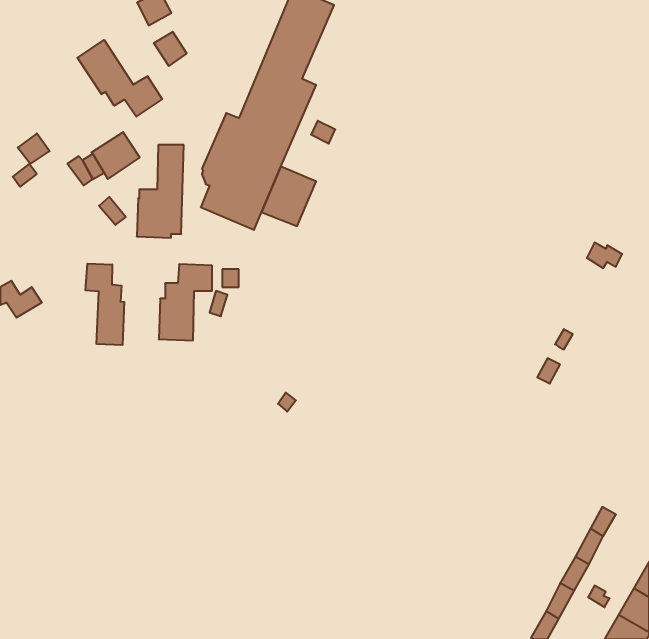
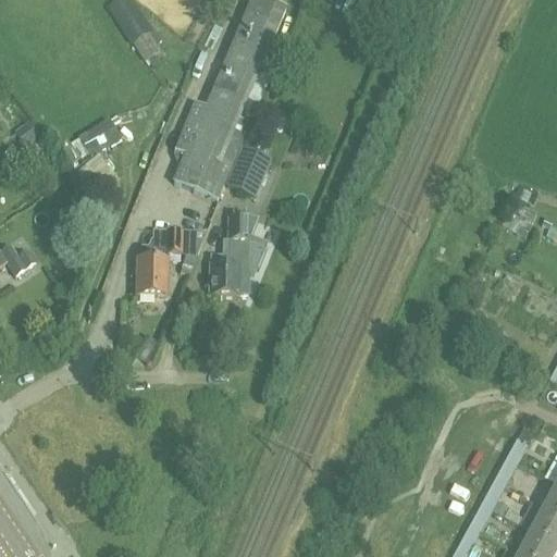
building: [77,40,162,117] -> none
building: [137,145,184,238] -> [209,213,249,293]
building: [86,264,124,345] -> none

